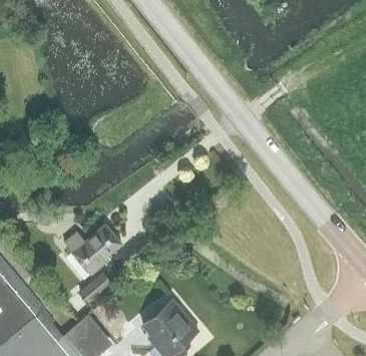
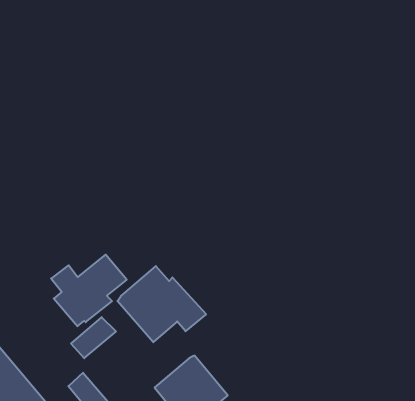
building: none -> [117,266,206,342]

